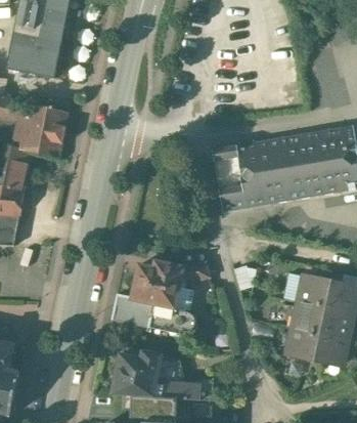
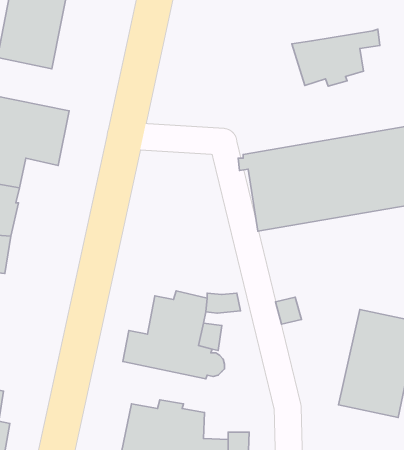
building: none -> [292,29,380,86]

